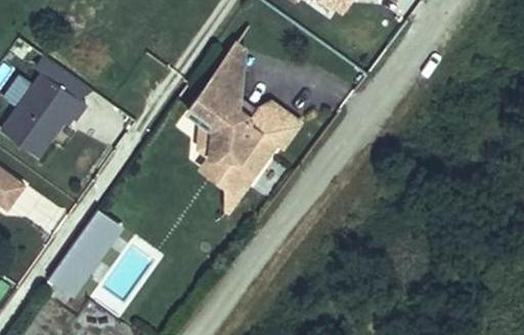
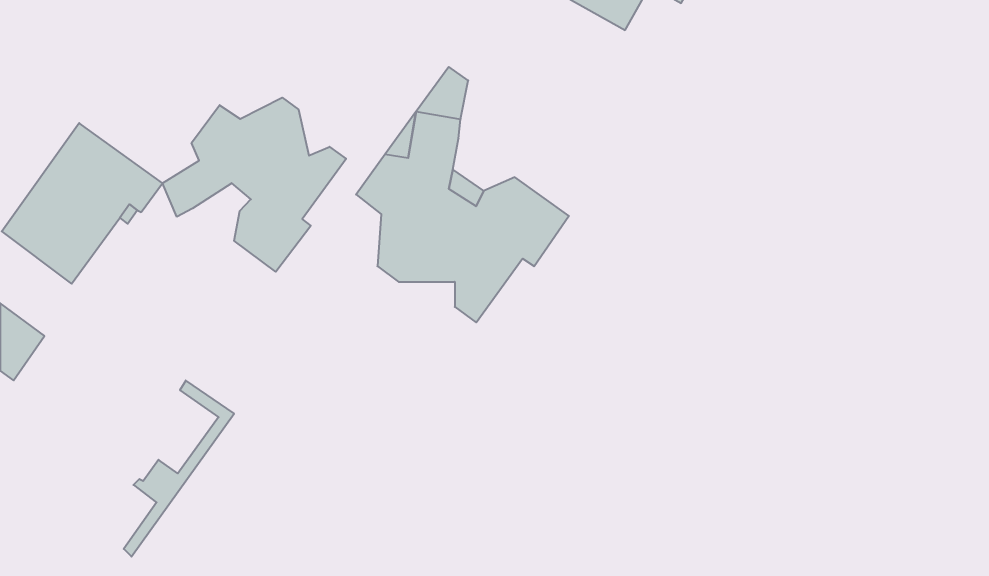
building: none -> [162,98,346,272]
building: [201,157,252,210] -> none
building: [45,214,116,298] -> none

